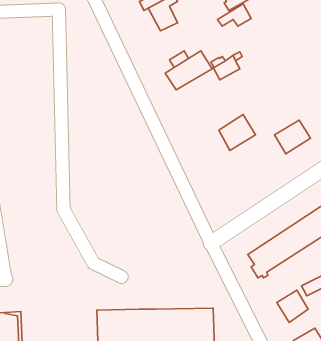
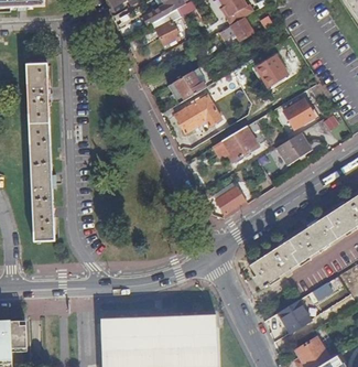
building: none -> [257,52,294,89]
building: none -> [26,63,54,241]
building: none -> [174,97,220,132]
building: none -> [283,99,313,127]
building: none -> [215,185,246,217]

